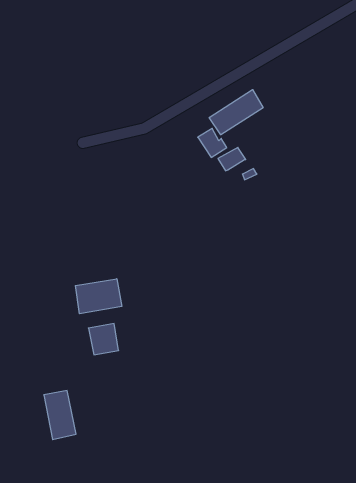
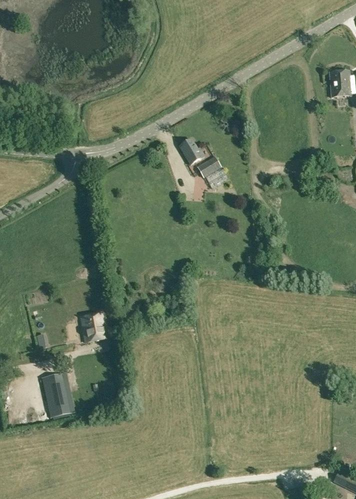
building: [209,90,263,135] -> none
building: [75,279,122,314] -> none

